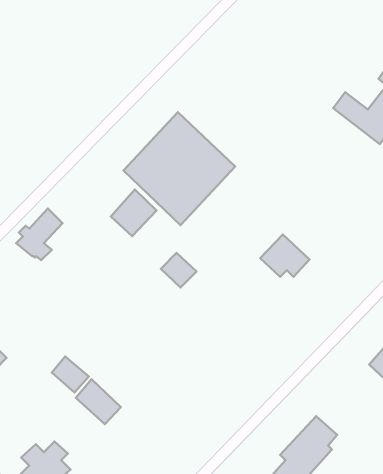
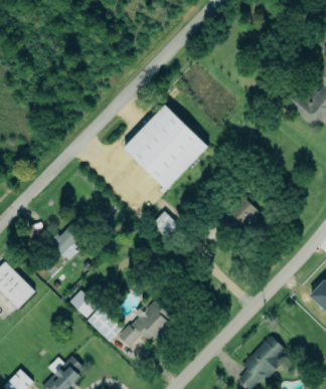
building: [111,189,156,236] -> none
building: [16,208,63,260] -> [50,219,86,258]
building: none -> [118,300,173,347]

